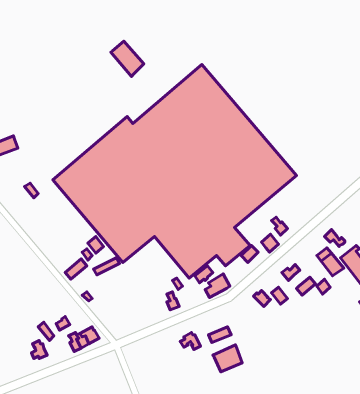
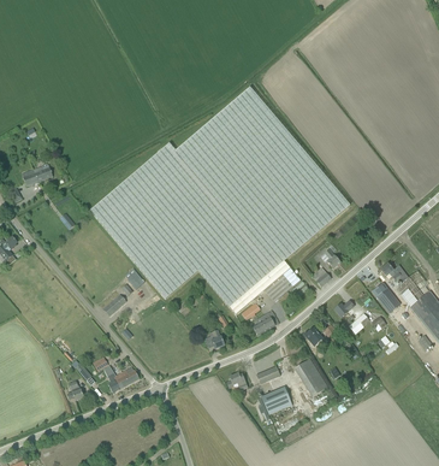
building: [111,41,144,77] -> none
building: none -> [295,358,328,396]

